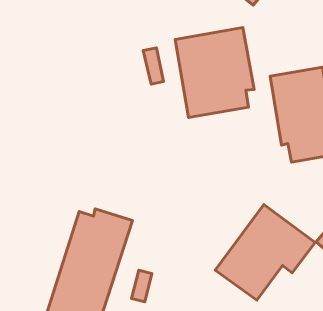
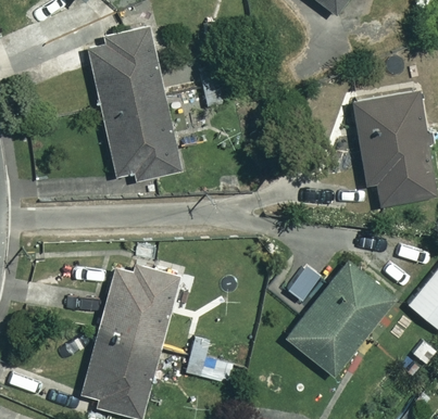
building: none -> [87,27,179,181]
building: [175,28,254,117] -> none

